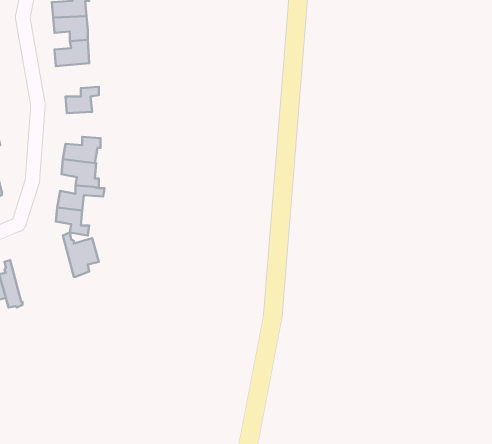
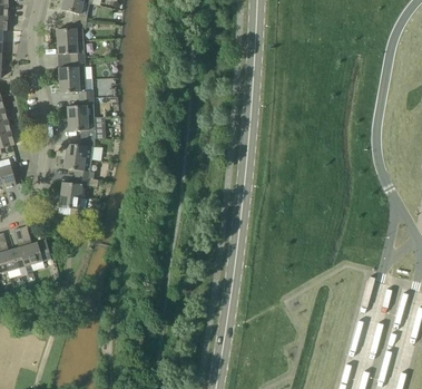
building: none -> [57,79,91,99]
building: none -> [66,117,92,139]
building: [63,233,99,277] -> [20,235,49,271]

